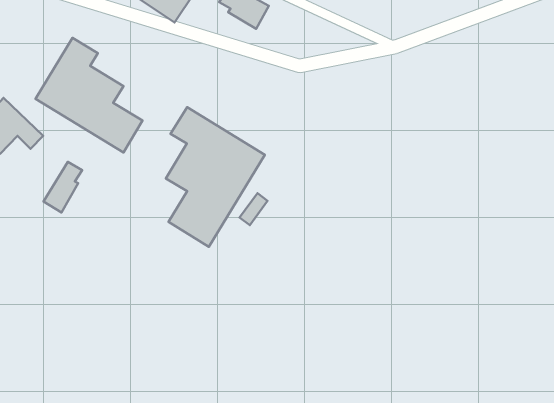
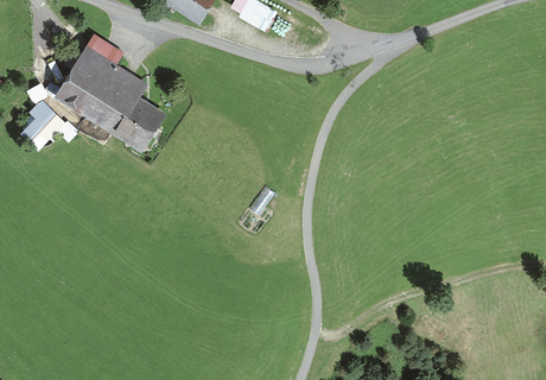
building: [166,107,265,247] -> none
building: [43,162,82,212] -> none

